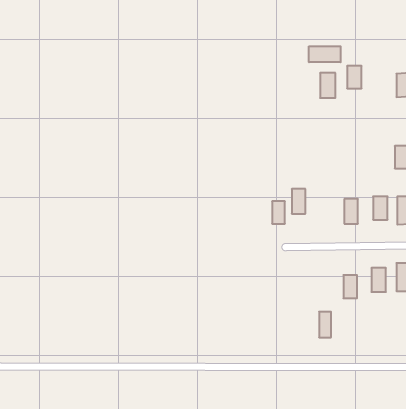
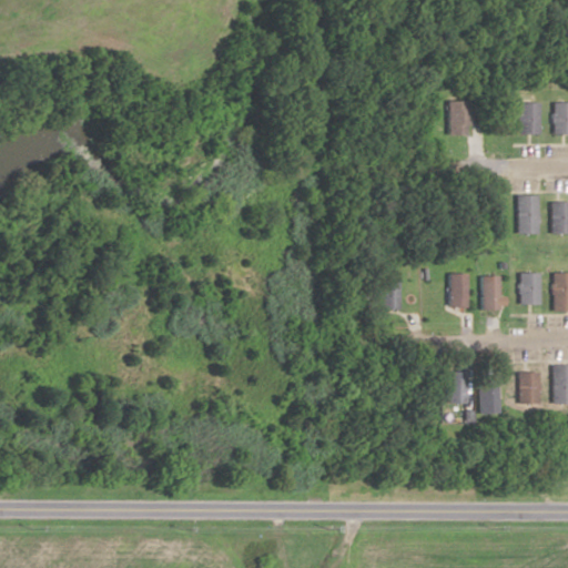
building: [309,46,341,62] -> none
building: [347,66,362,88] -> [519,104,539,135]
building: none -> [518,196,539,234]
building: [292,189,305,214] -> [449,274,468,308]
building: [319,312,331,337] -> [450,368,467,404]

